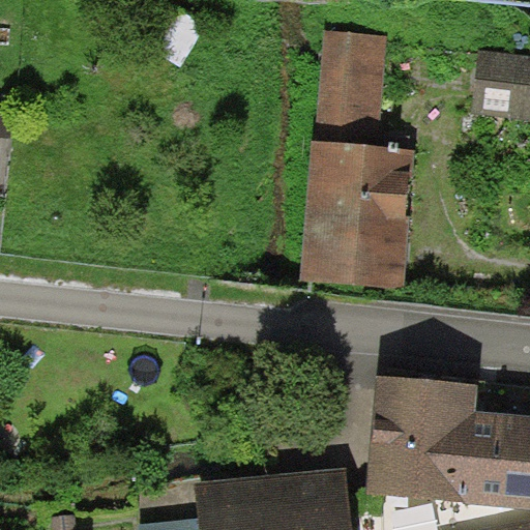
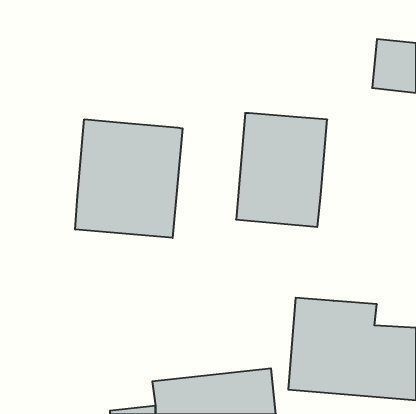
building: [317,30,386,149] -> none
building: none -> [75,119,183,238]

